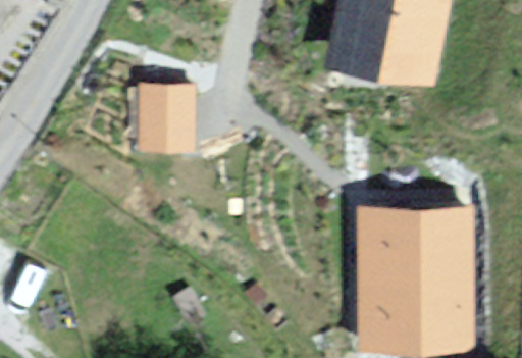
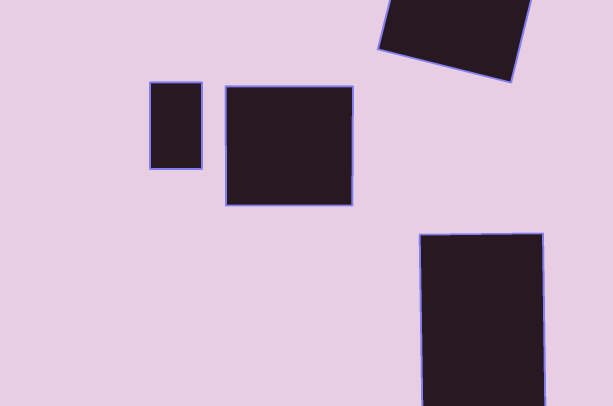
building: none -> [226,86,353,206]

